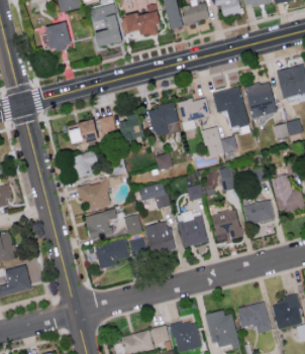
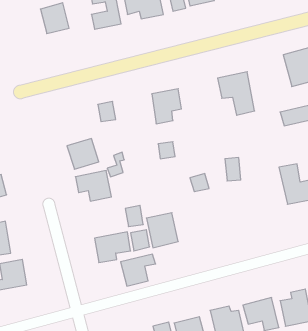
building: [243,81,278,118] -> none
building: [178,98,211,130] -> none
building: [119,115,144,141] -> none
building: [69,119,98,148] -> none
building: [204,127,237,156] -> none
building: [139,183,170,208] -> none
building: [243,200,276,226] -> none
building: [85,209,118,239] -> [121,254,156,286]
building: [212,209,242,241] -> none
building: [179,211,208,247] -> none

